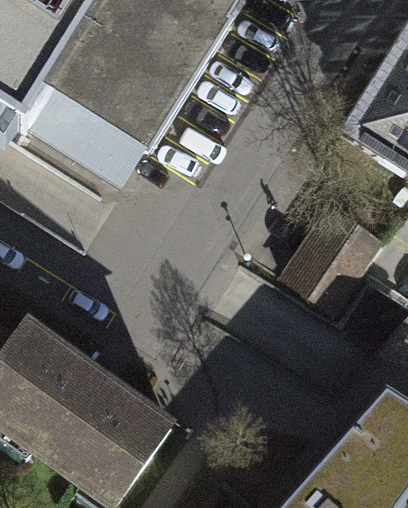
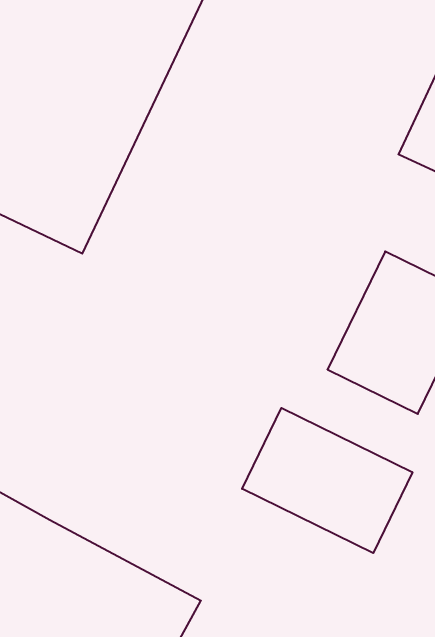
building: none -> [242,408,412,553]

